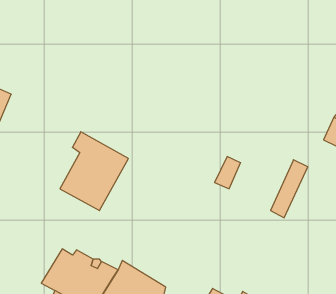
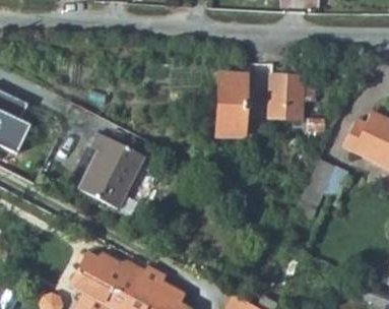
building: none -> [214,74,243,137]
building: none -> [266,75,299,117]

